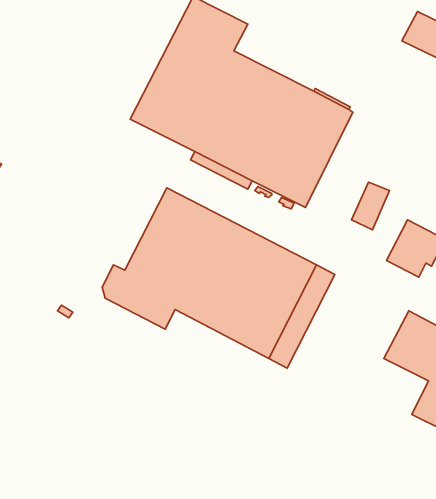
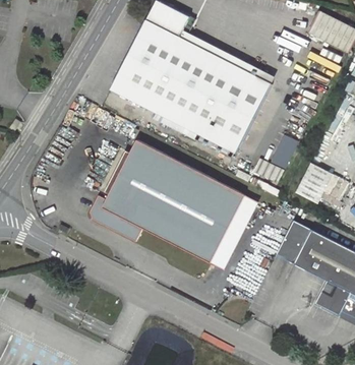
building: none -> [276,219,312,262]

